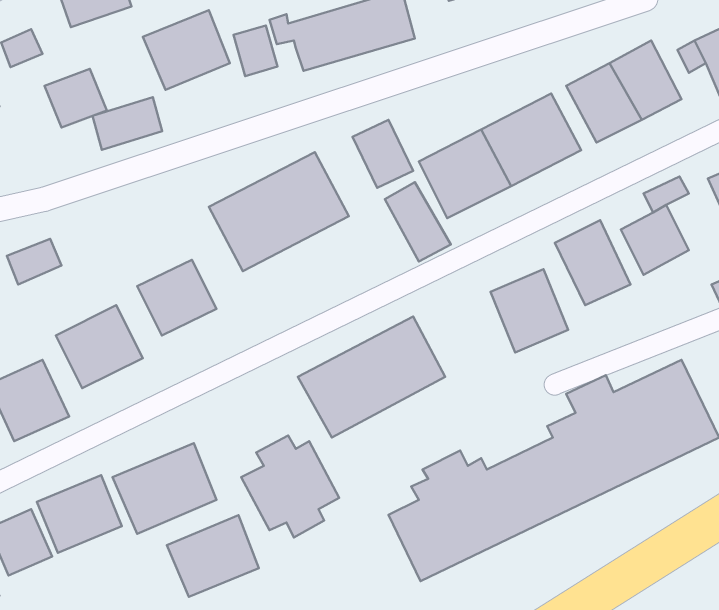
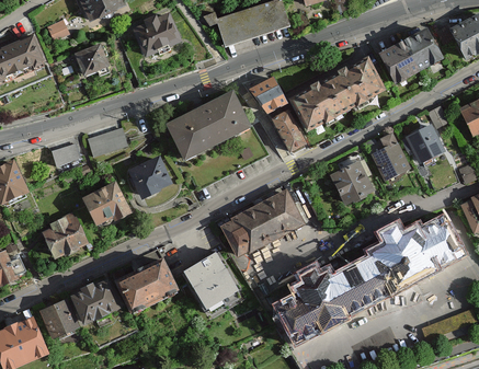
building: [233,25,278,76] -> none
building: [92,97,162,150] -> [88,127,128,158]
building: [167,515,259,597] -> none

